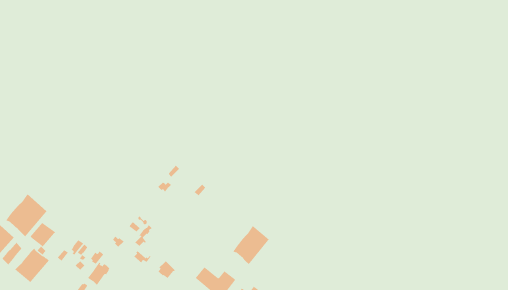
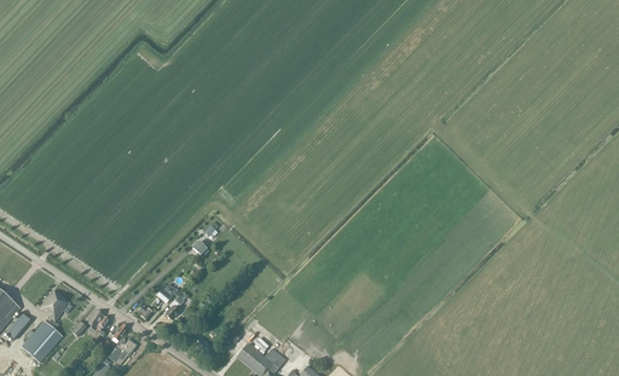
building: [6,193,47,237] -> none
building: [232,225,269,265] -> none

